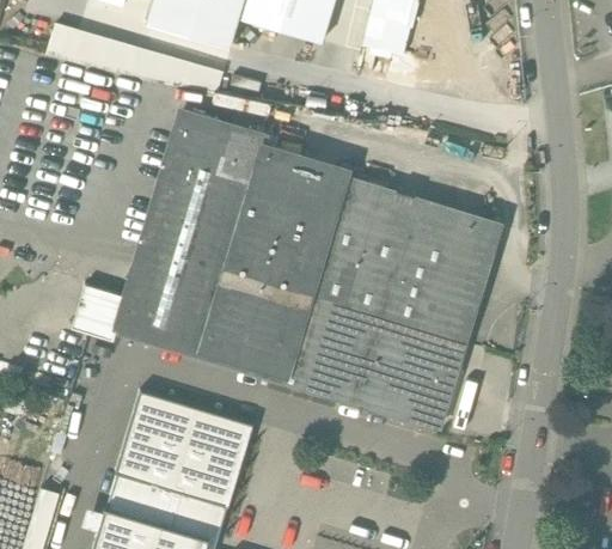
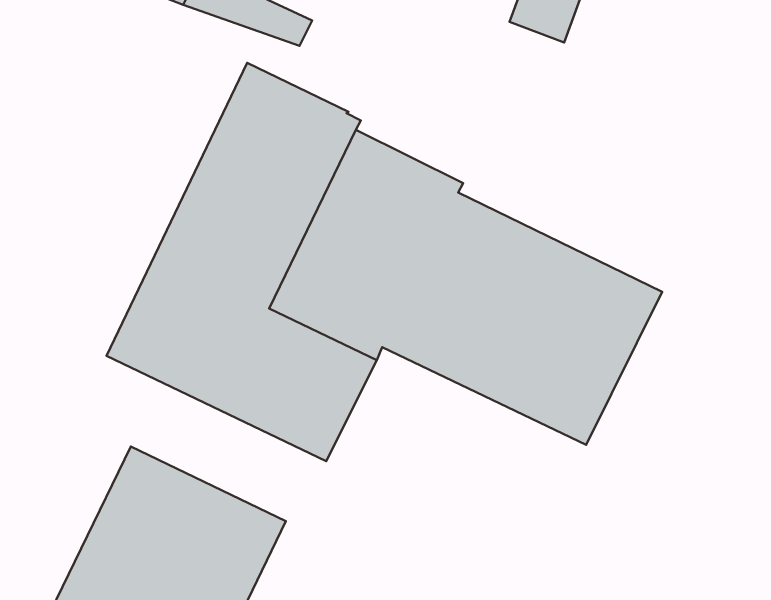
building: [283,295,464,428] -> none

